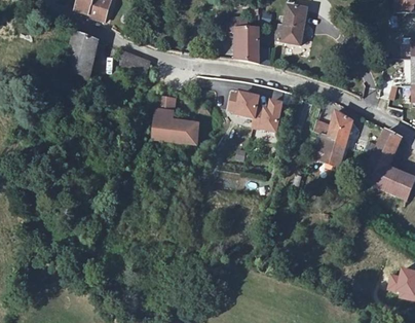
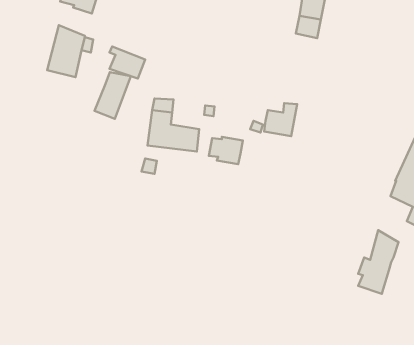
building: [238,28,260,62] -> none
building: none -> [94,72,131,119]
building: [229,91,259,114] -> [209,137,243,164]
building: [318,111,353,167] -> [358,230,398,294]

